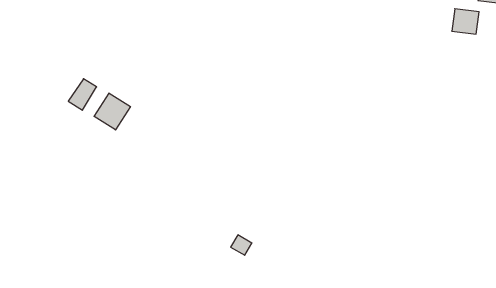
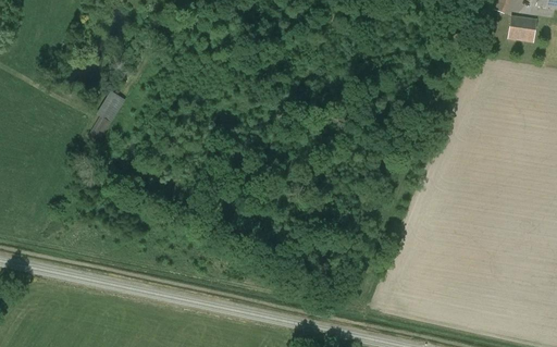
building: [94,93,130,130] -> none

